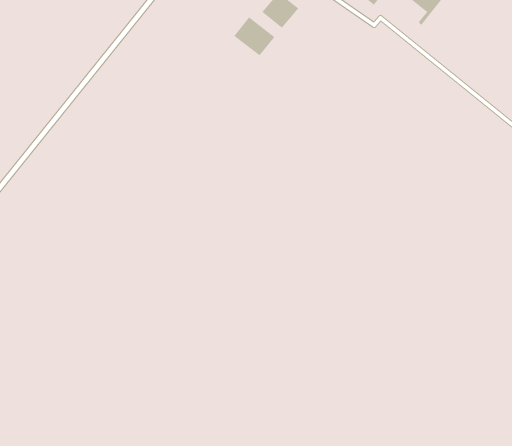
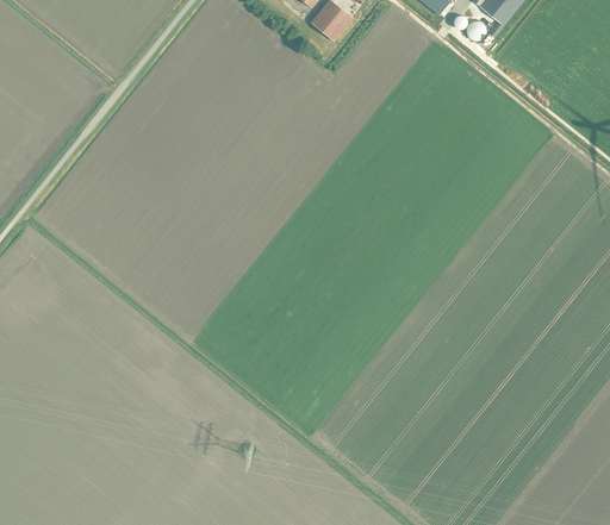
building: [234,17,275,56] -> none

